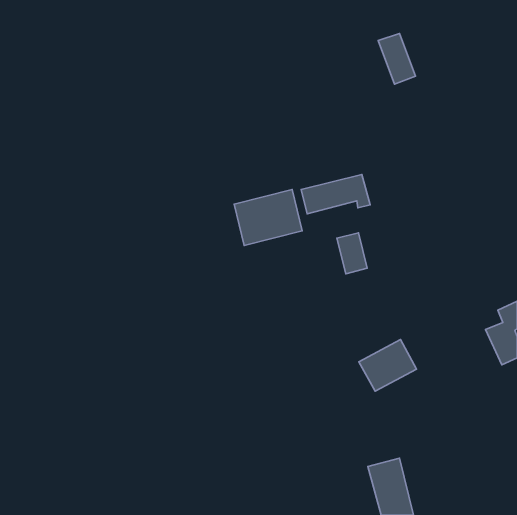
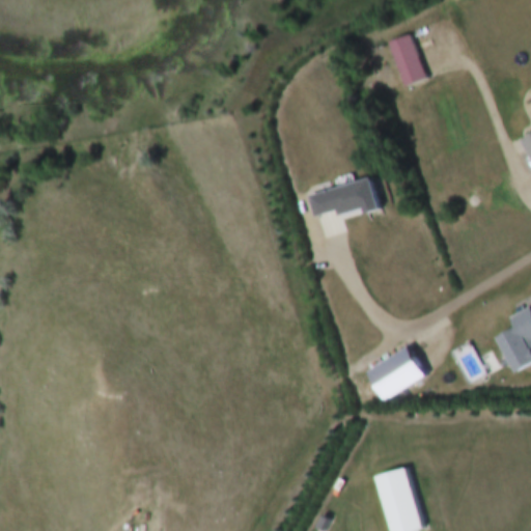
building: [234,190,302,245] -> none
building: [337,233,367,274] -> none

